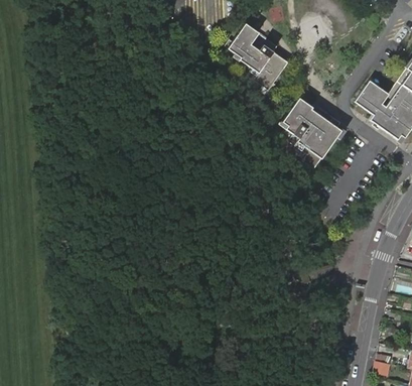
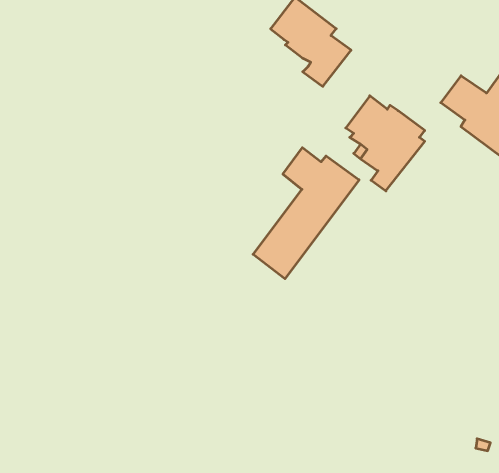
building: none -> [253,148,359,279]

